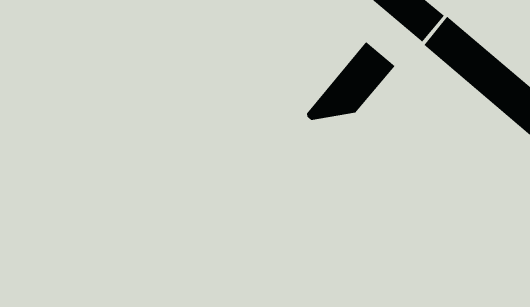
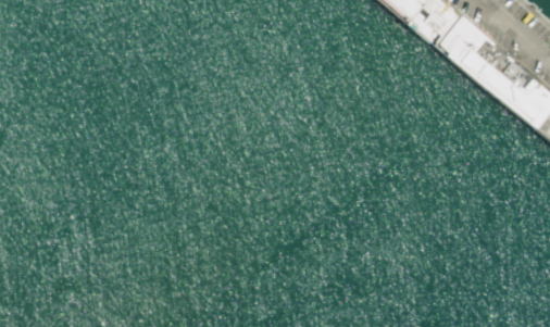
building: [306,41,396,121] -> none

